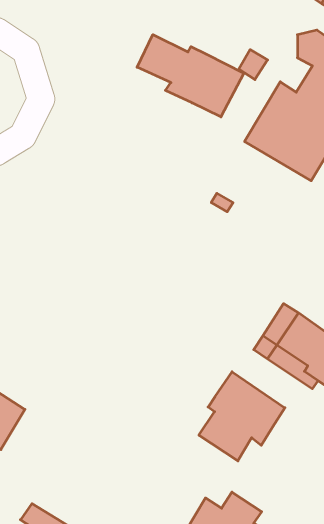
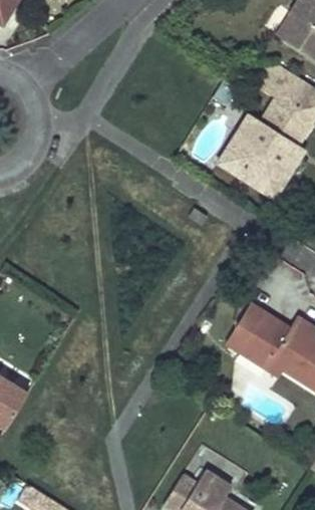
building: [137,35,244,117] -> none
building: [199,372,285,461] -> none

